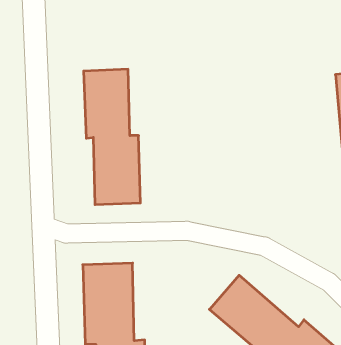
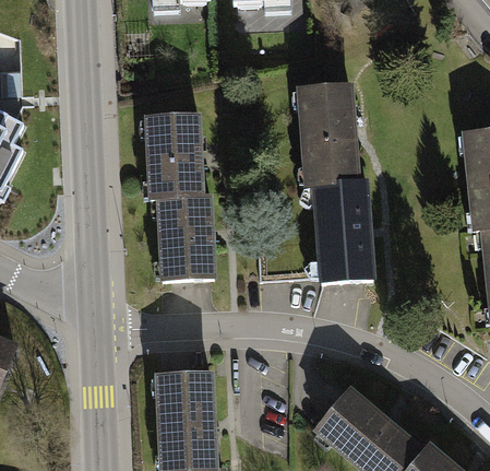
building: none -> [299,90,380,287]

